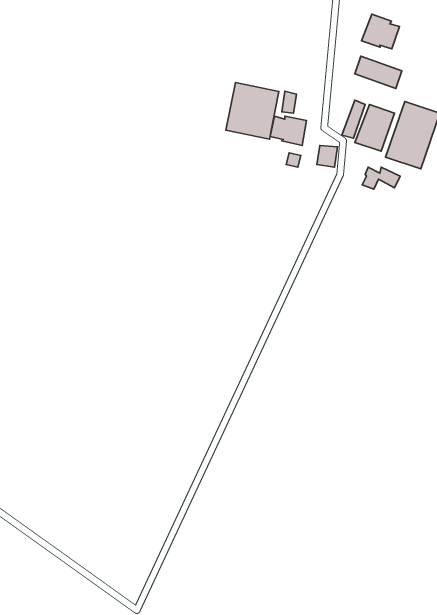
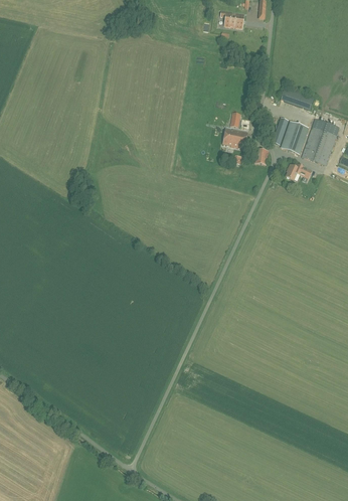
building: [362,14,400,49] -> none
building: [226,82,279,139] -> none

